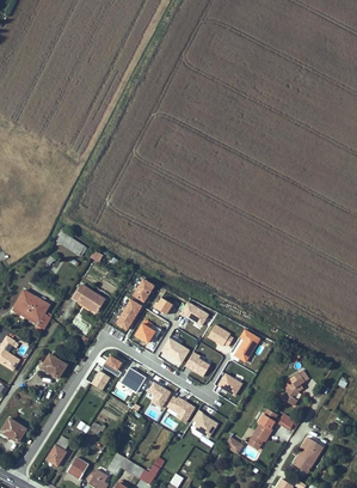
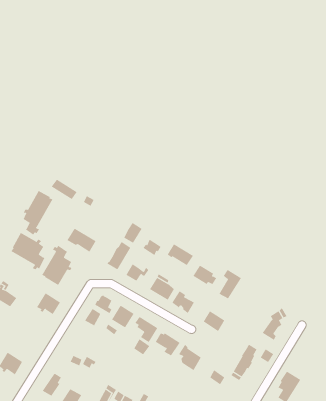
building: none -> [23,190,53,236]
building: none -> [41,245,72,286]

